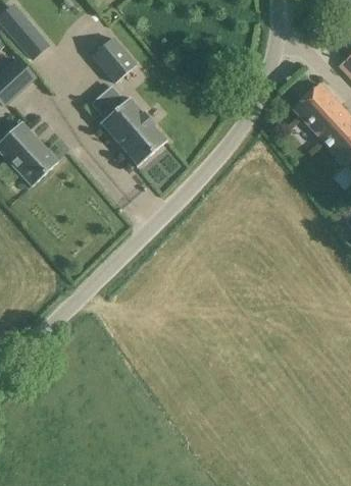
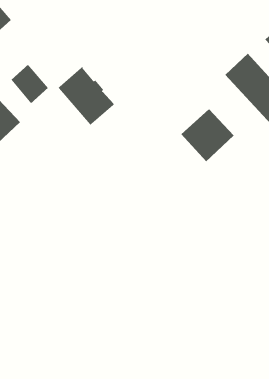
building: [92,37,136,83] -> [10,64,49,104]
building: none -> [181,109,234,162]

